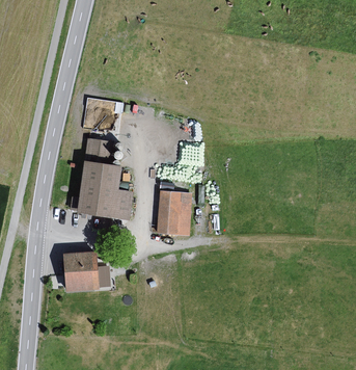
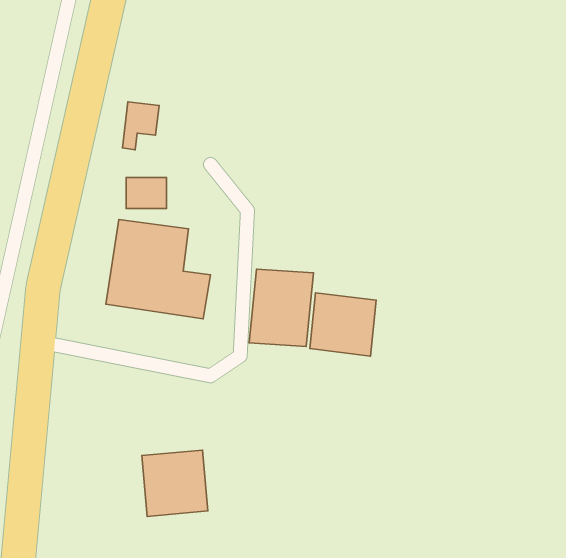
building: none -> [310,293,376,356]
building: [61,253,99,290] -> [142,450,208,516]

